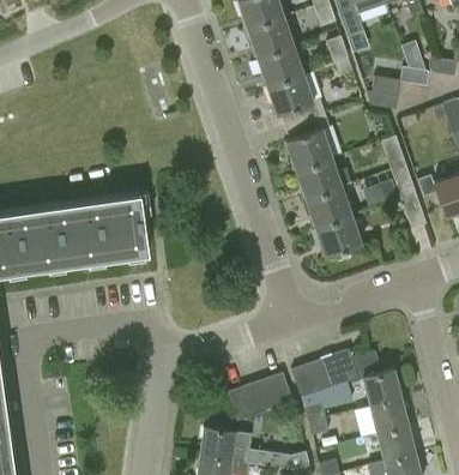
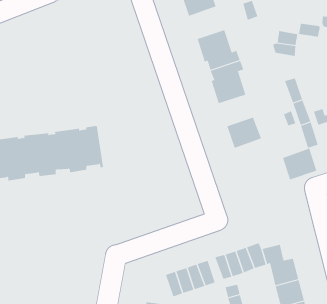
building: [258,46,304,88] -> none
building: [296,160,351,200] -> none
building: [316,216,362,258] -> [282,148,317,180]

